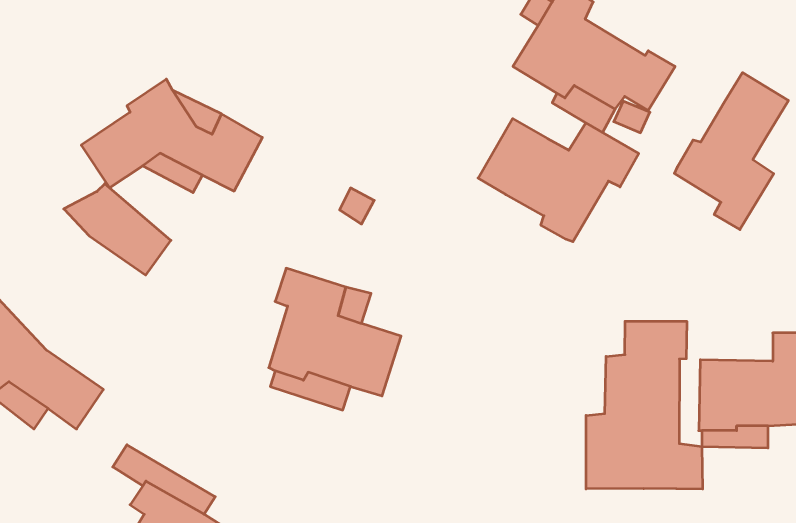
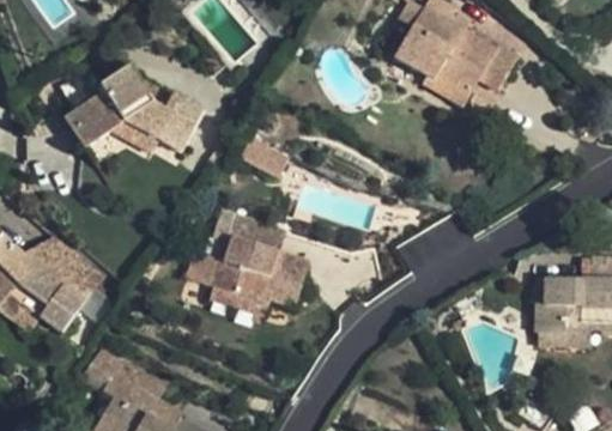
building: [674,73,788,230] -> none
building: [478,119,639,242] -> none
building: [64,184,171,275] -> [20,232,102,302]
building: [586,321,703,489] -> none

